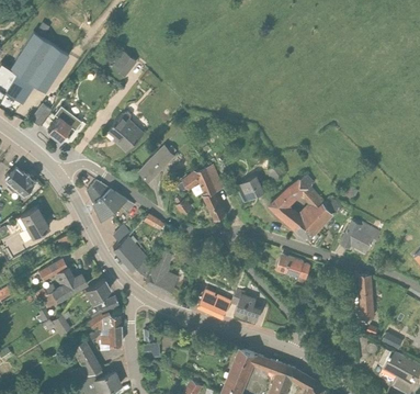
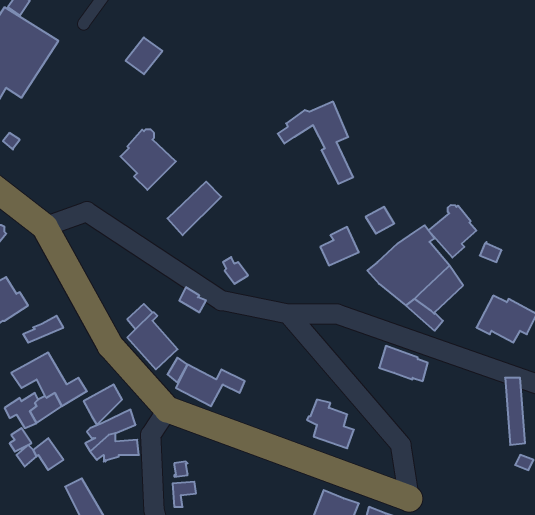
building: [47,105,81,139] -> none
building: none -> [428,205,476,258]
building: [177,165,226,218] -> [278,102,353,184]
building: [87,180,134,219] -> none
building: [197,288,231,318] -> none
building: [89,325,122,345] -> none

